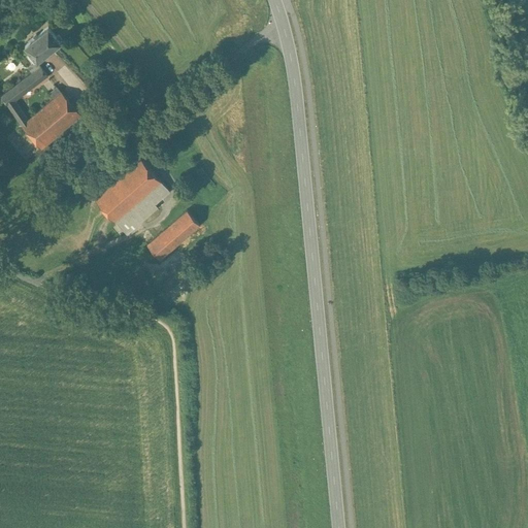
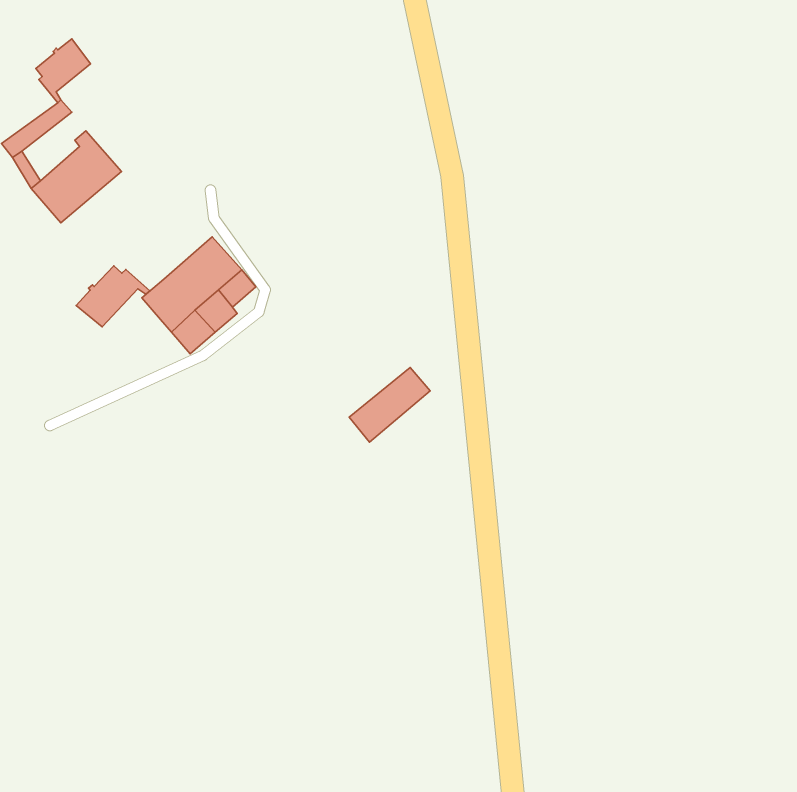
building: none -> [76,266,150,327]
building: [146,212,200,262] -> [349,367,430,442]

